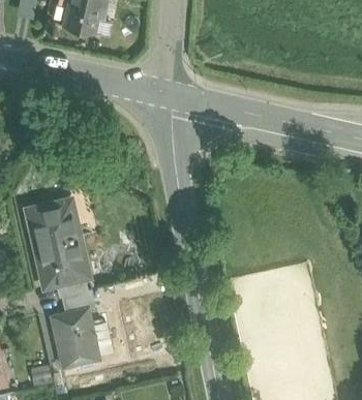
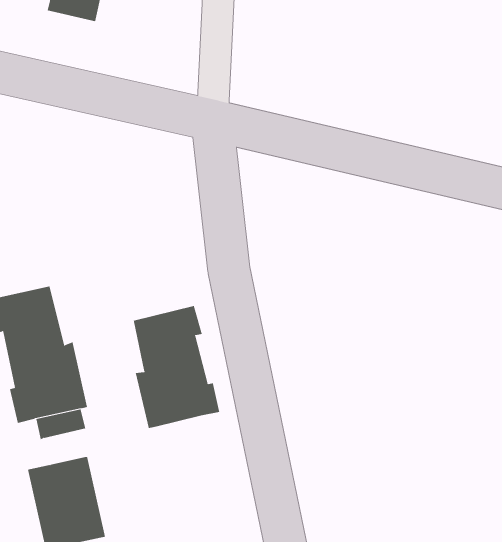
building: none -> [133,305,220,429]
building: [61,290,95,314] -> none

